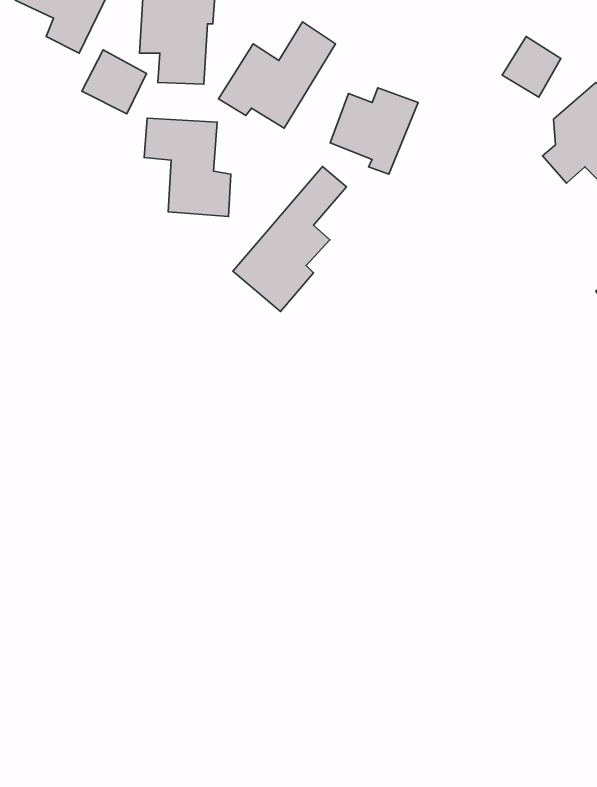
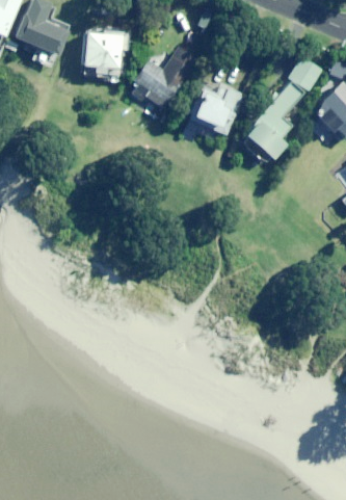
building: [82,50,147,114] -> none
building: [144,118,231,216] -> none
building: [233,167,346,311] -> [239,83,303,165]

